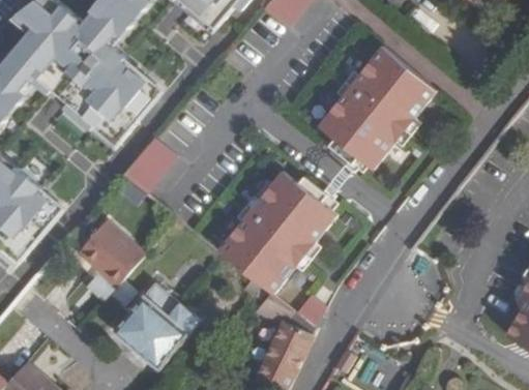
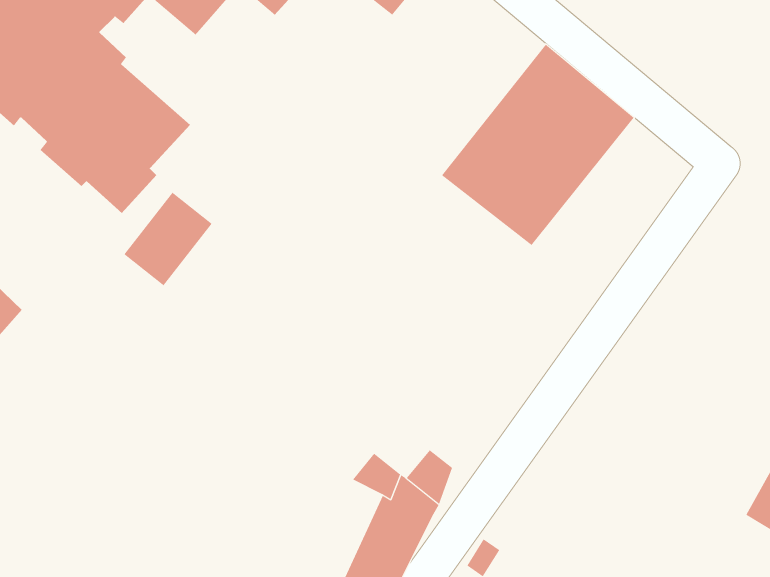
building: [216,169,337,294] -> none
building: [77,219,144,286] -> none
building: [113,283,198,367] -> none

